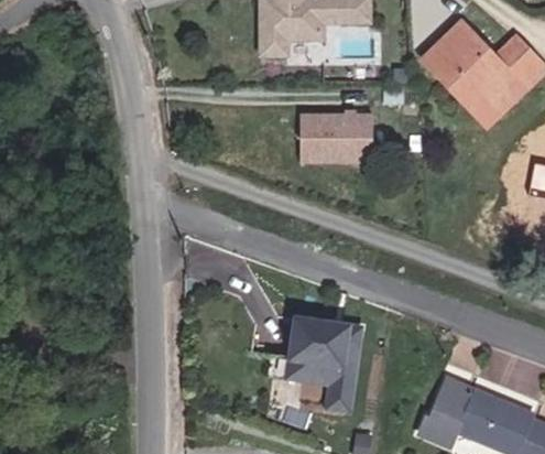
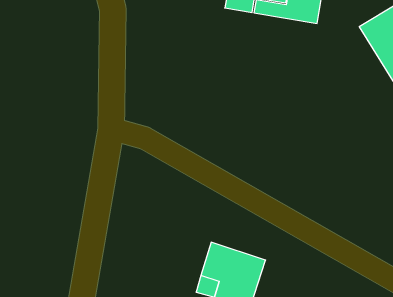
building: [292,115,364,163] -> none

